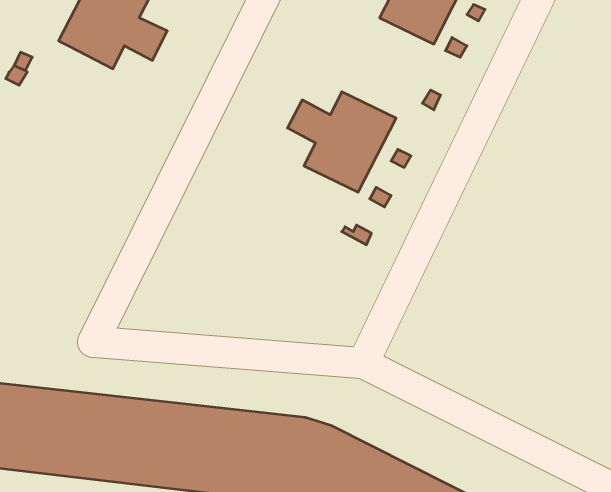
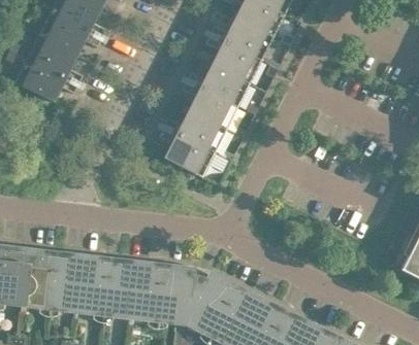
building: none -> [206,20,275,82]
building: none -> [15,34,84,99]
building: none -> [160,112,227,176]

